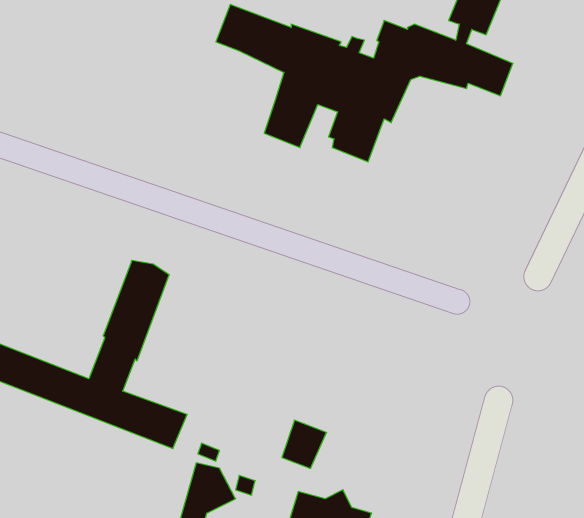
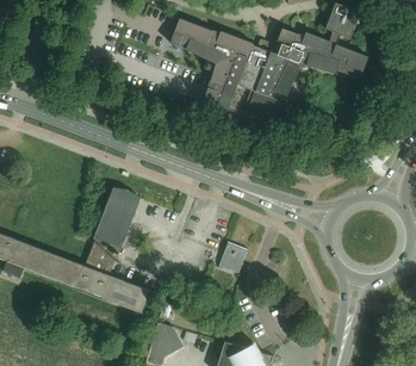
building: [282,420,327,468] -> [218,241,248,273]

